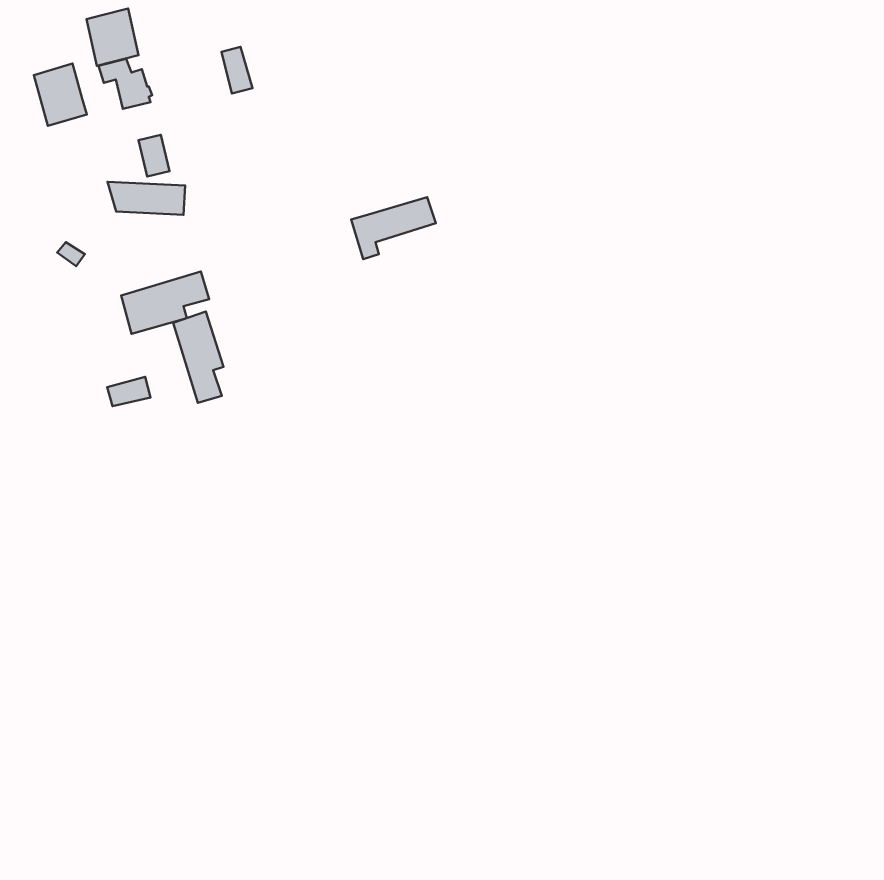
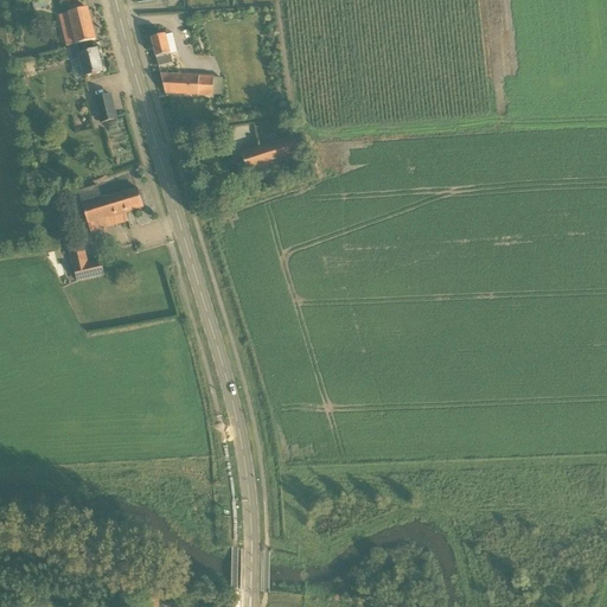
building: [34,64,87,126] -> none
building: [107,182,185,215] -> [160,72,213,95]
building: [173,312,224,403] -> none

